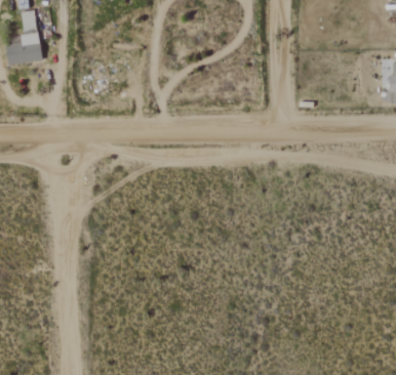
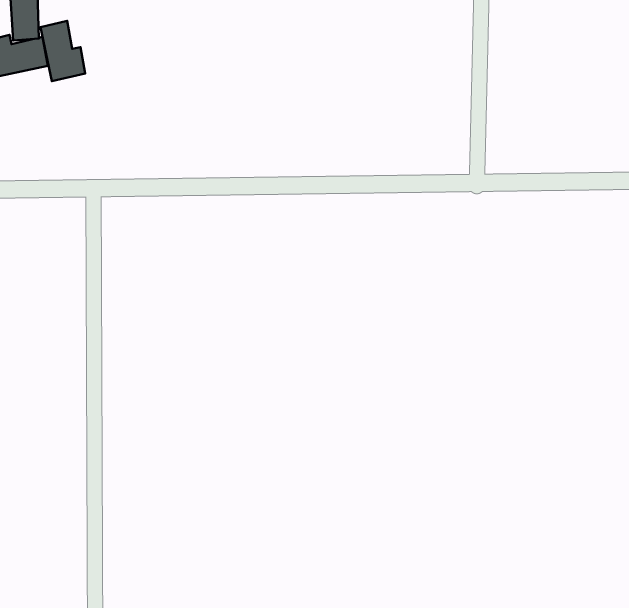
building: none -> [40,21,85,81]

